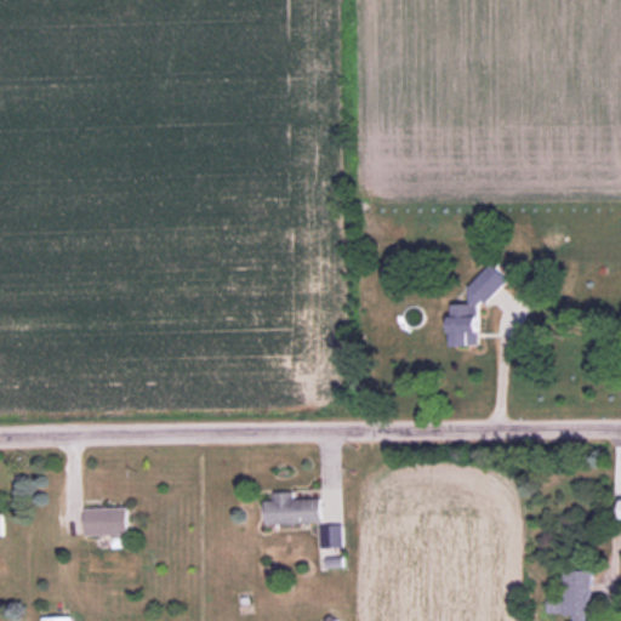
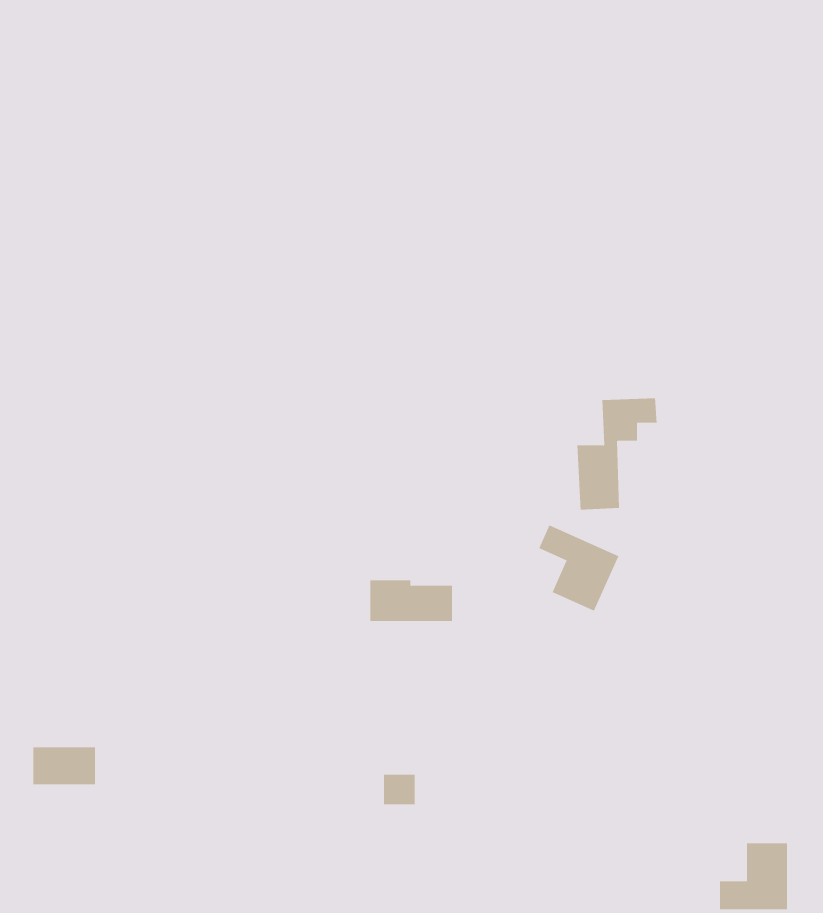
building: none -> [538,524,619,612]
building: [262,496,318,524] -> [370,580,453,621]

